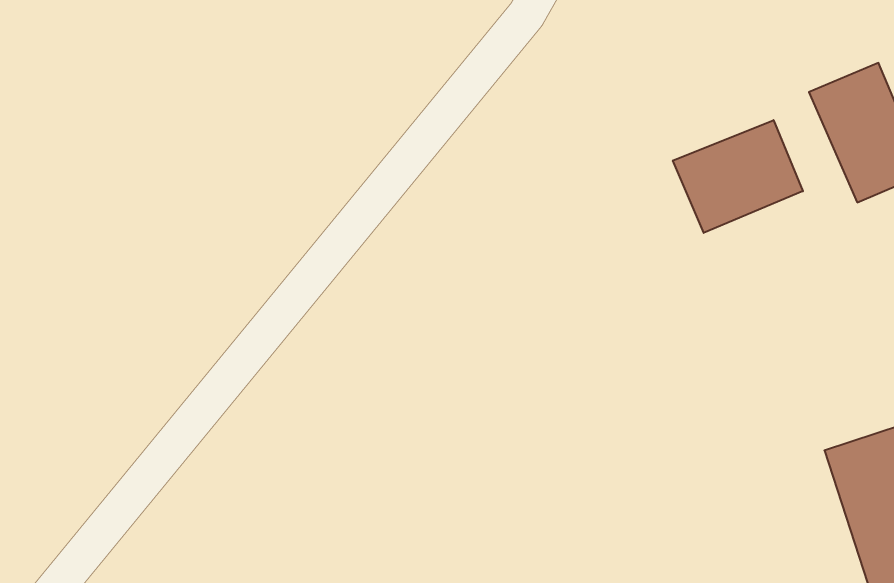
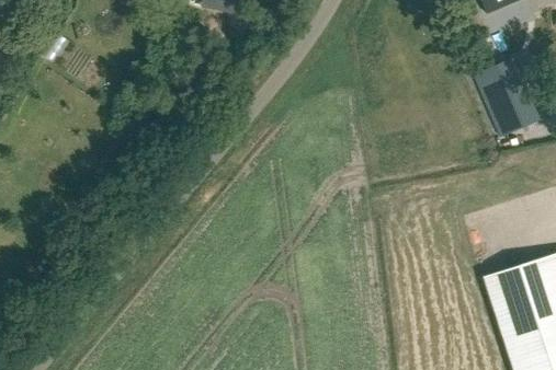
building: [673,120,803,233] -> none

